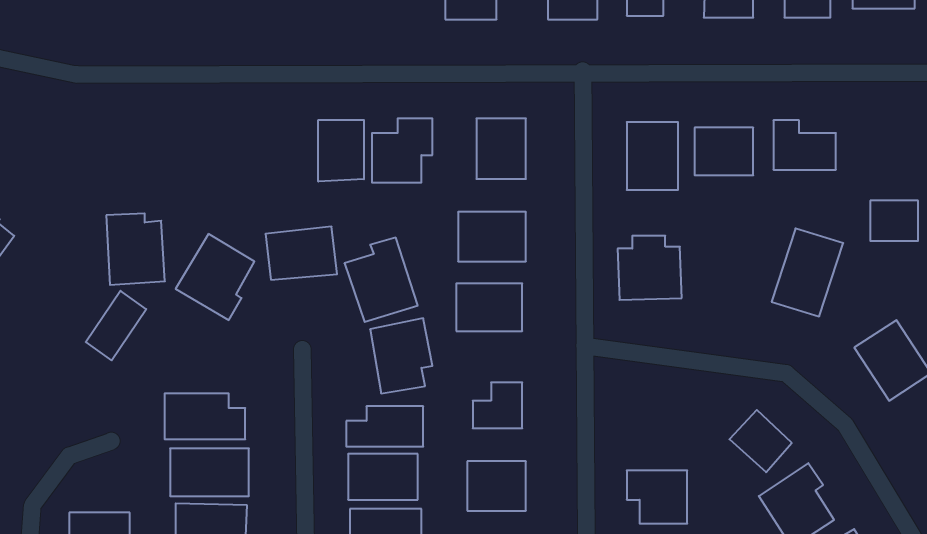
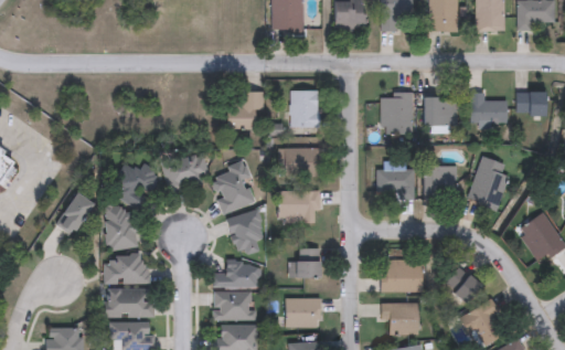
building: [318,120,364,182] -> none
building: [870,201,918,241] -> [516,91,545,115]
building: [106,213,165,285] -> [104,208,139,251]
building: none -> [422,166,457,198]
building: none -> [382,259,423,290]

